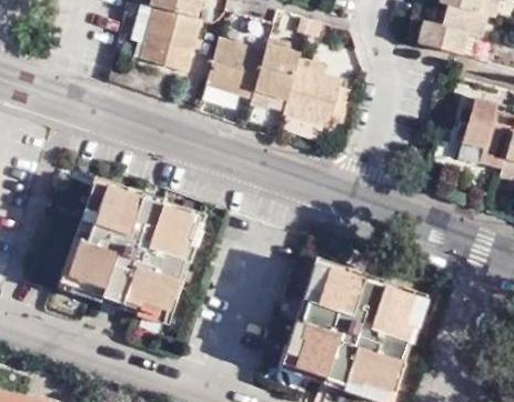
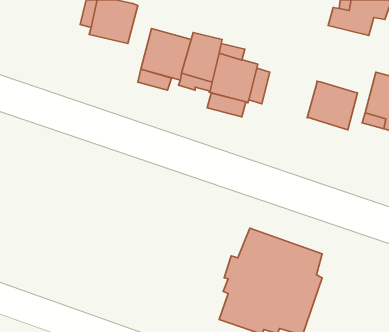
building: none -> [307,81,358,130]
building: [69,180,190,304] -> none

